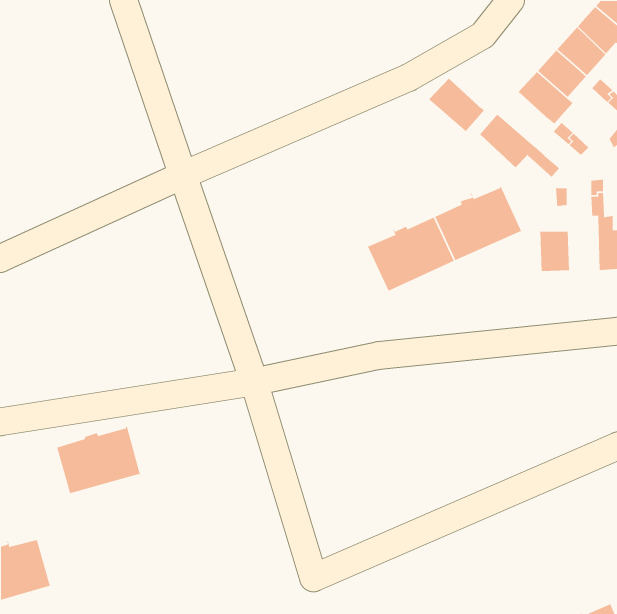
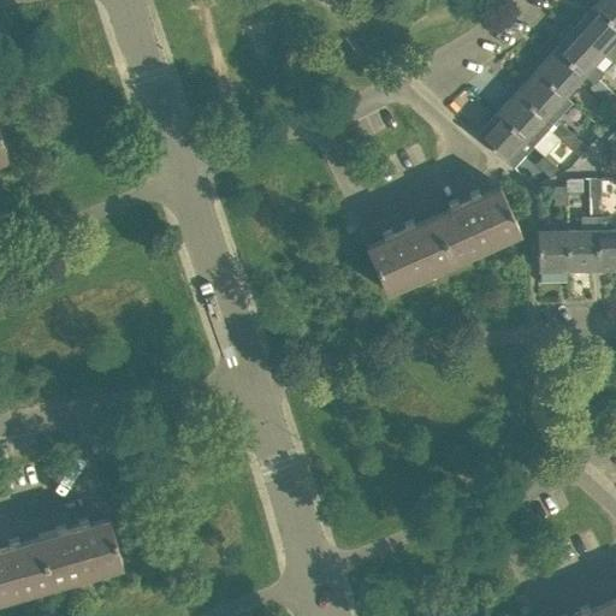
building: [428,78,485,132] -> [496,95,552,149]
building: none -> [567,219,597,273]
building: [56,425,141,494] -> [38,519,123,587]

